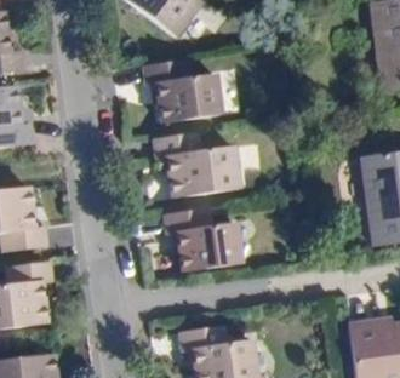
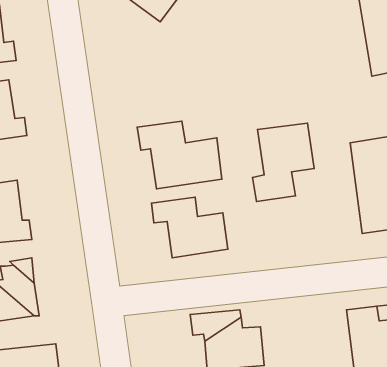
building: [128,57,206,120] -> none
building: none -> [253,123,314,202]

